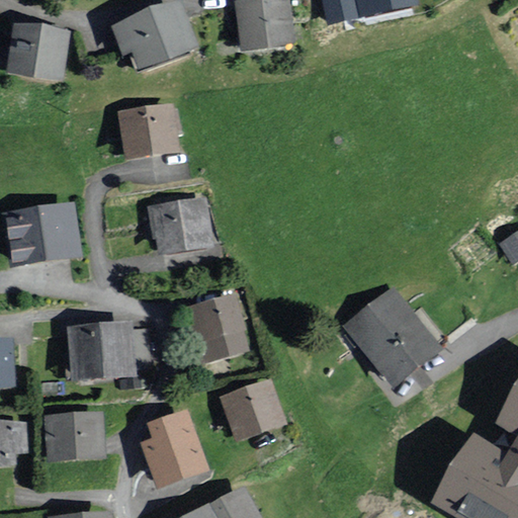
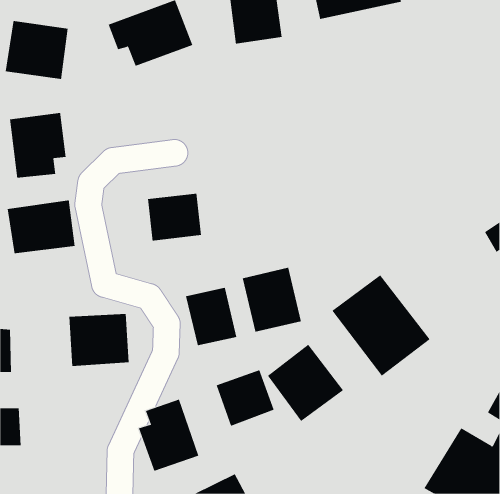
building: [120,104,178,155] -> none
building: none -> [9,112,66,178]
building: none -> [242,267,301,333]
building: none -> [267,344,344,422]
building: [48,413,100,457] -> none

